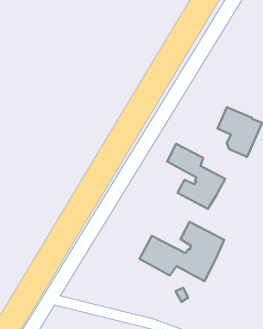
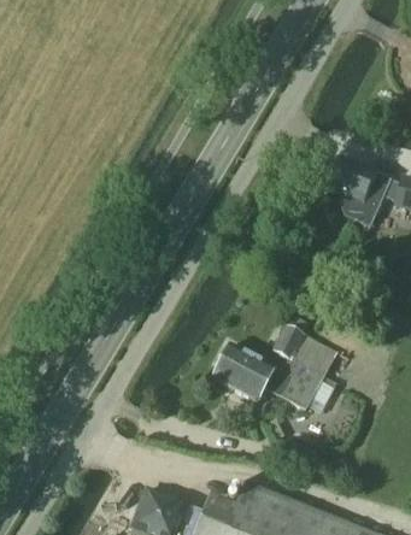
building: [167,144,225,209] -> none

